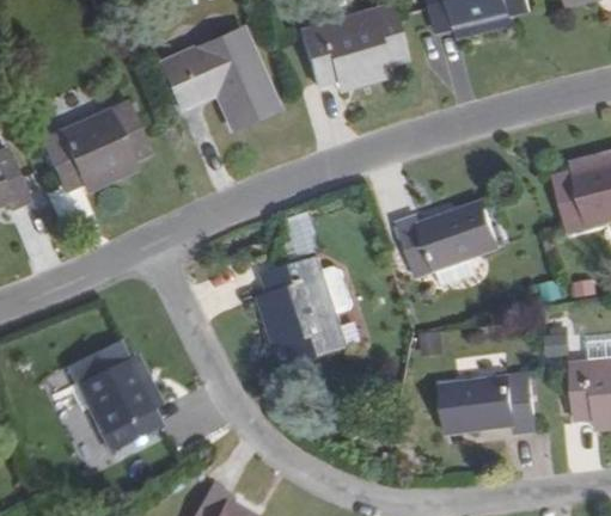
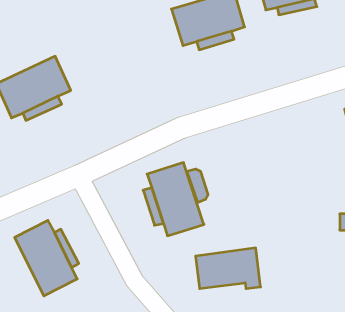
building: [163,27,279,129] -> none
building: [398,202,501,276] -> none
building: [441,374,537,434] -> [196,248,261,289]

